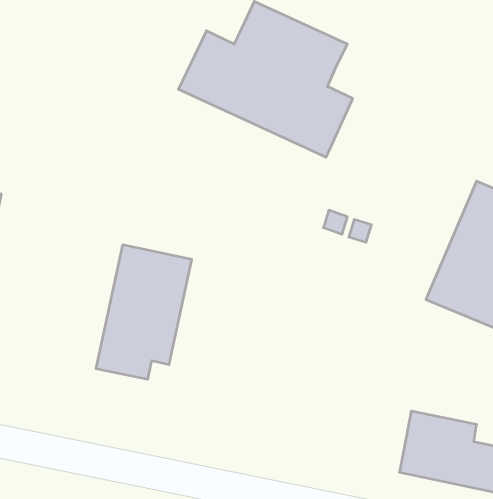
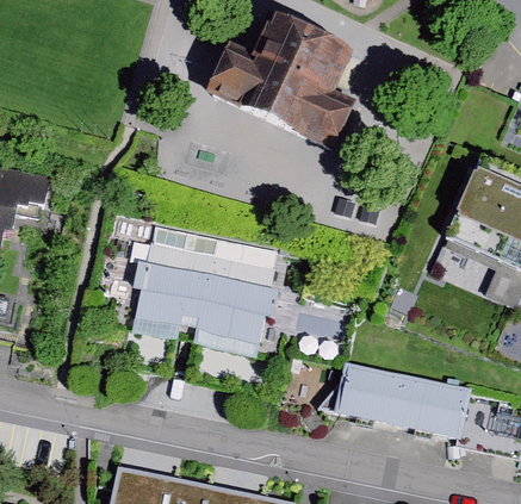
building: none -> [193,238,280,363]
building: none -> [337,361,414,429]

